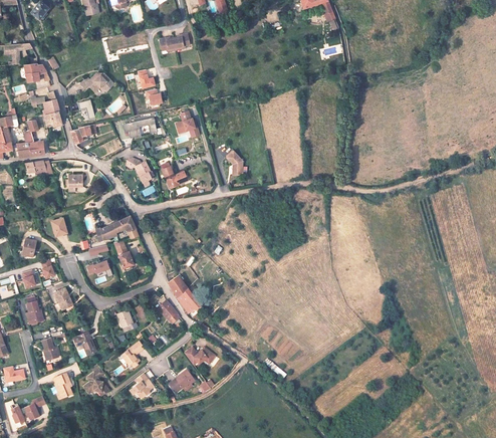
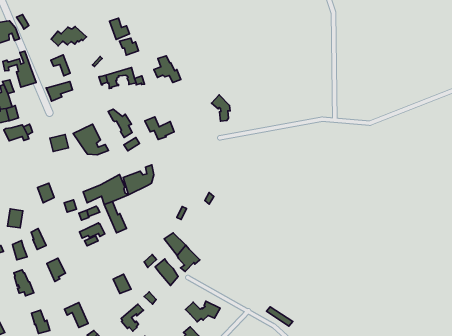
building: none -> [73,124,108,155]
building: none -> [123,165,154,195]

